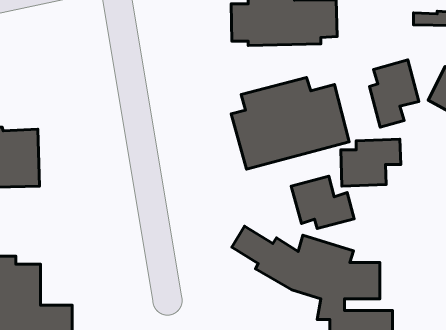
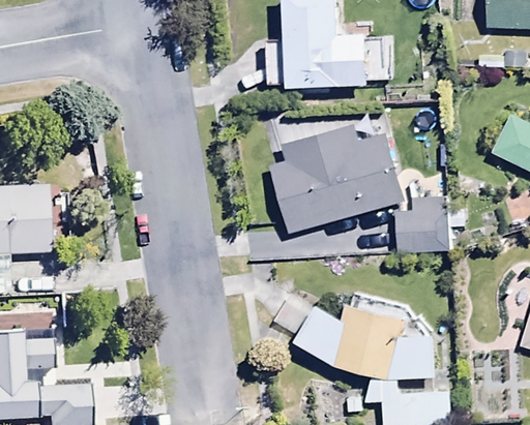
building: [369,60,419,127] -> none
building: [291,176,354,228] -> none

